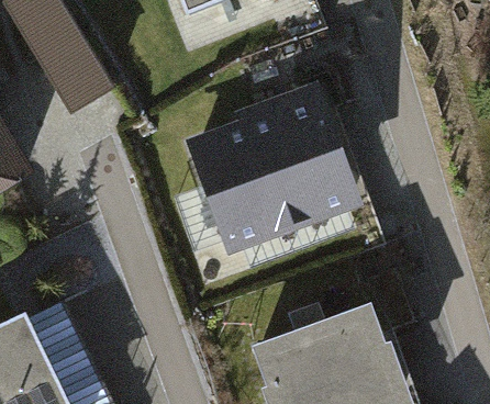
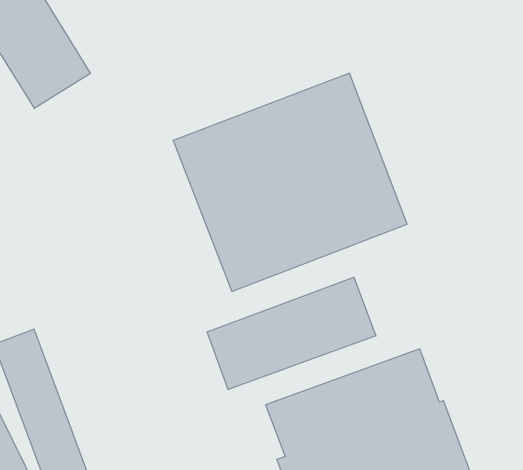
building: none -> [207,277,376,390]

